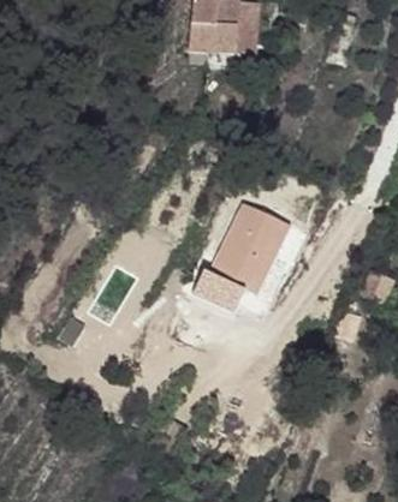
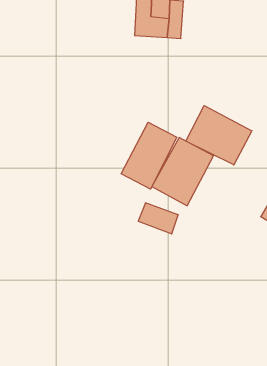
building: none -> [186,106,252,165]
building: none -> [121,122,177,189]

